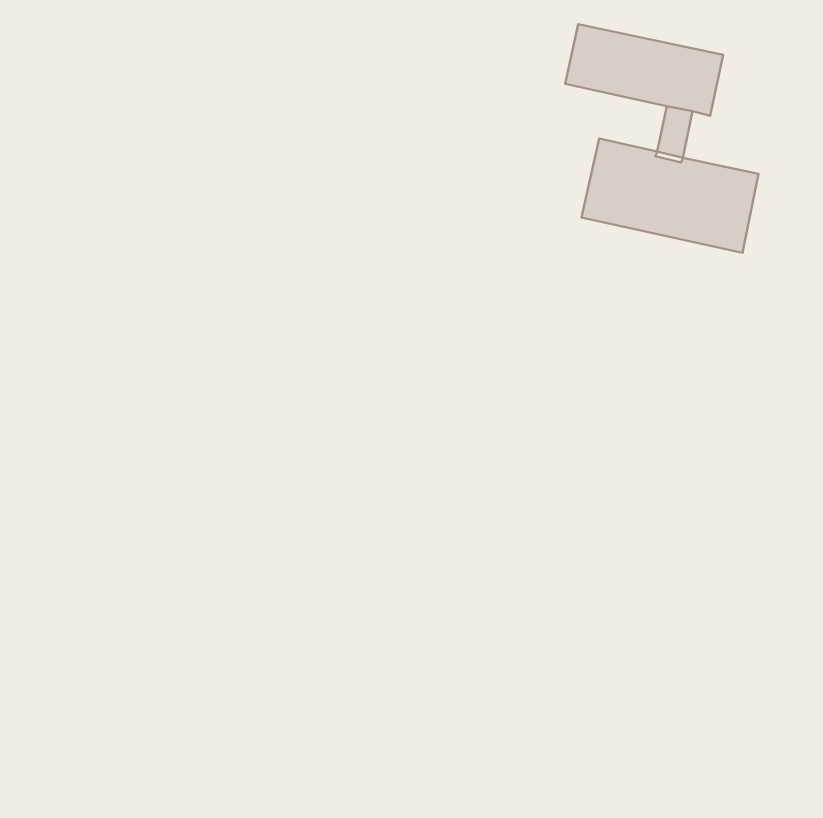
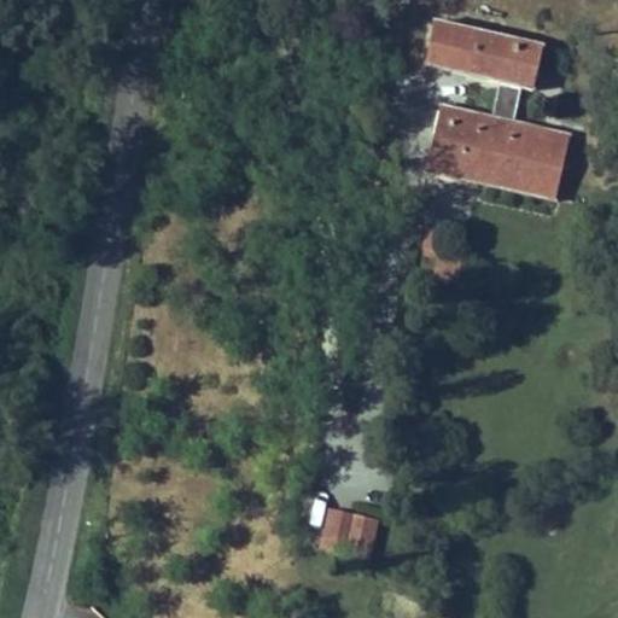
building: none -> [425,101,556,198]
building: none -> [340,511,377,556]

